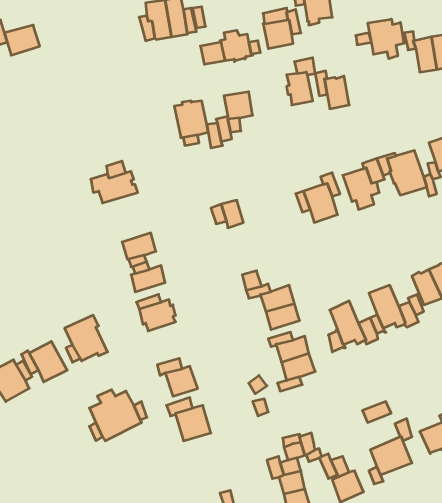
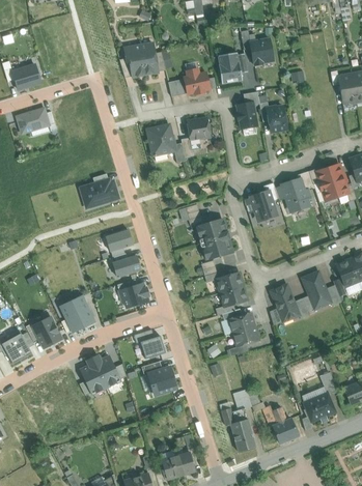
building: [368,19,404,59] -> none
building: none -> [17,109,49,134]
building: none -> [196,220,232,259]

